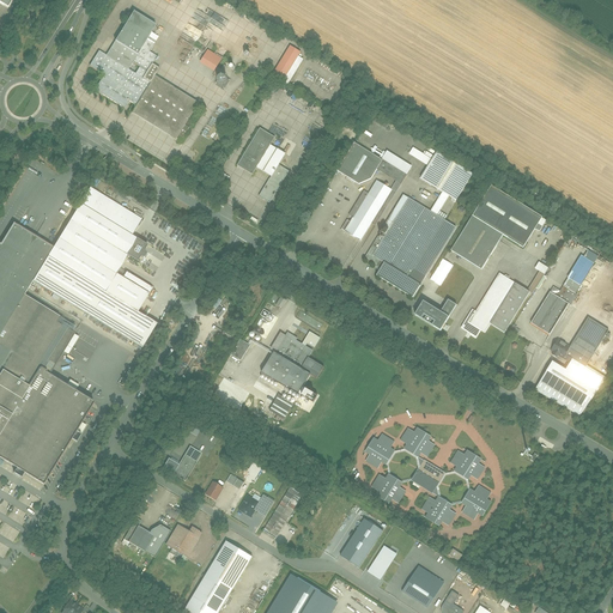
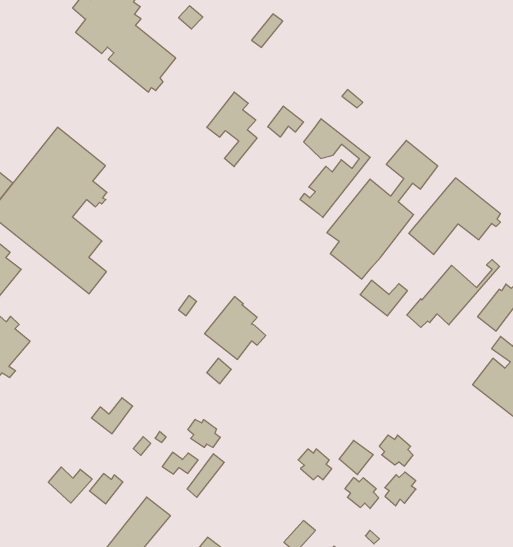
building: none -> [268,106,304,137]
building: [400,426,435,456] -> none
building: [365,432,395,467] -> none
building: none -> [188,419,220,447]
building: [341,517,382,565] -> none

